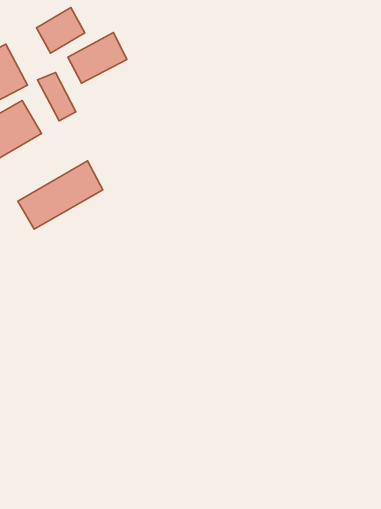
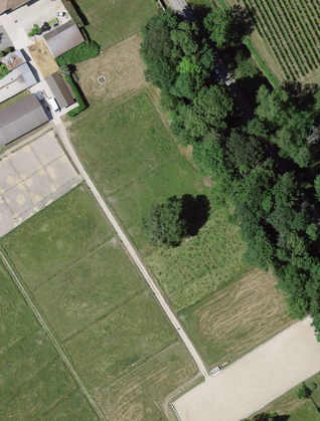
building: [68,32,127,83] -> none
building: [18,161,103,229] -> none

